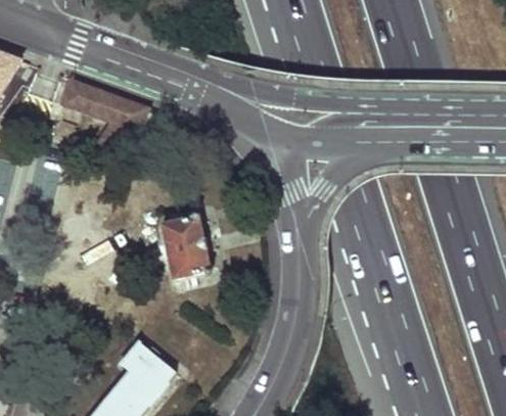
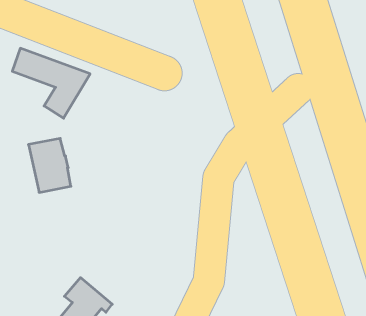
building: [160,218,210,280] -> [28,138,71,192]

